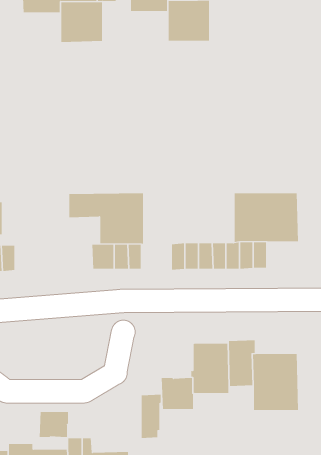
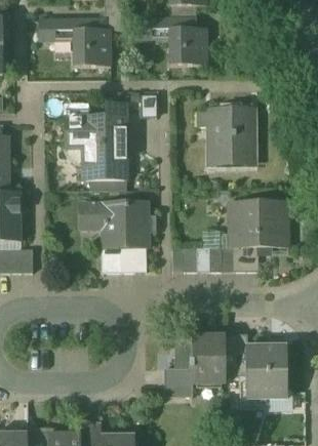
building: none -> [64,103,126,191]
building: none -> [197,111,255,164]
building: [141,394,161,439] -> [174,329,193,369]
building: [39,411,68,438] -> none

